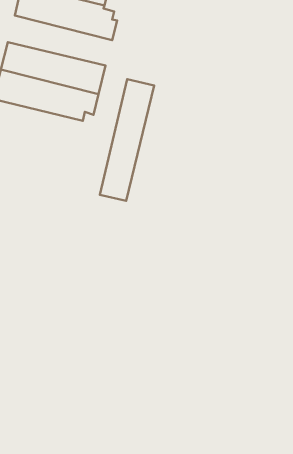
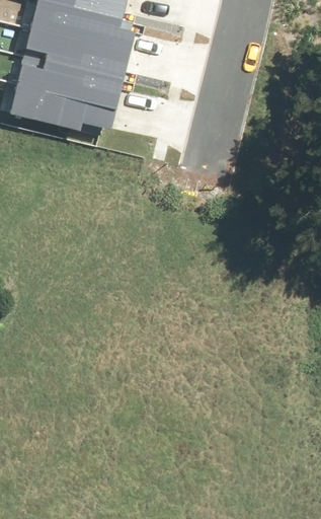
building: none -> [23,26,131,78]
building: [100,79,154,201] -> none

